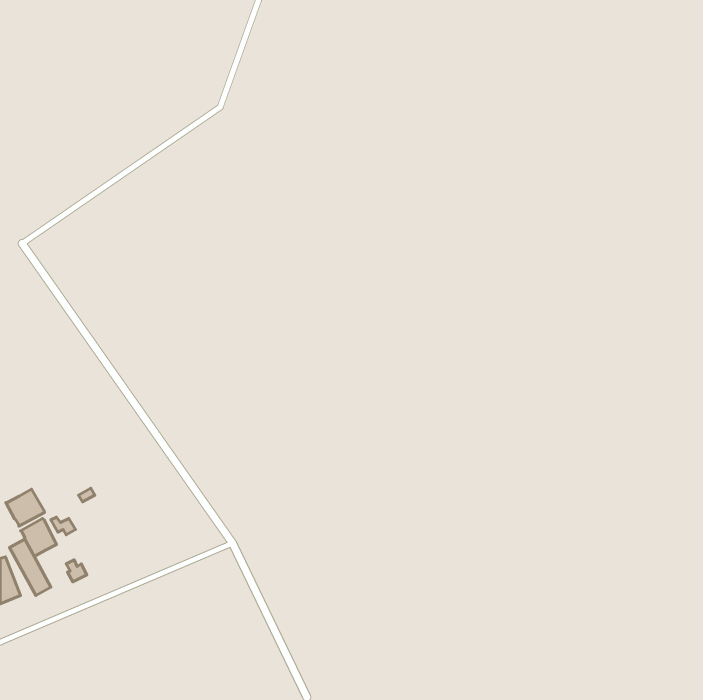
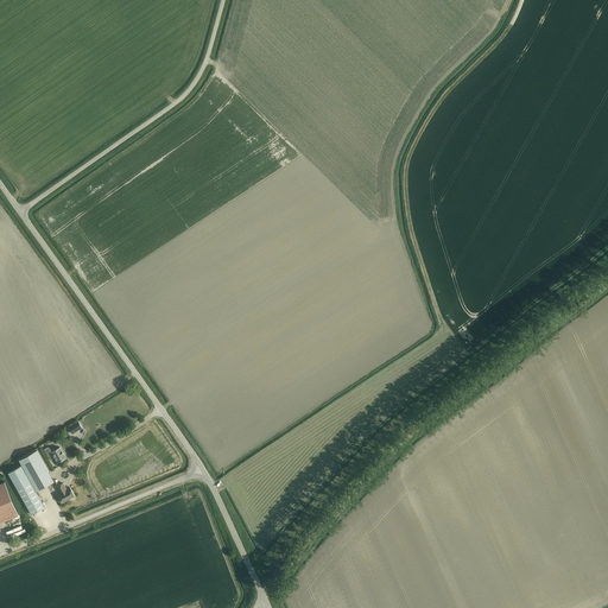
building: [6,489,44,526] -> none

